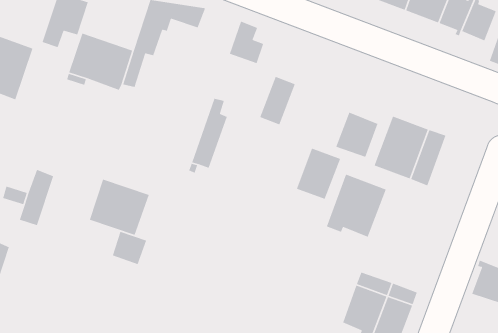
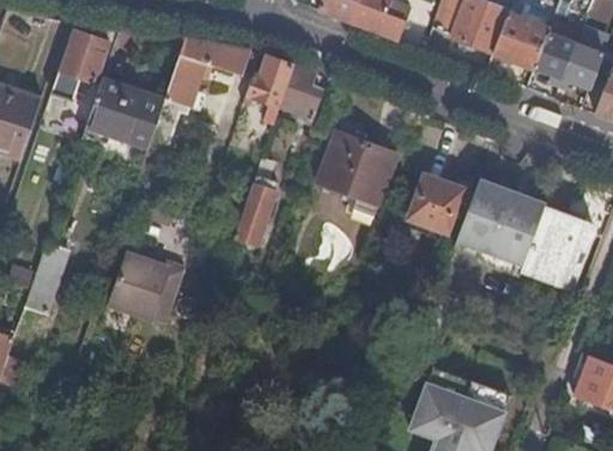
building: none -> [242,55,293,124]
building: [296,148,341,200] -> [341,141,396,205]
building: [326,173,387,238] -> [518,209,593,287]
building: [112,231,147,265] -> none

